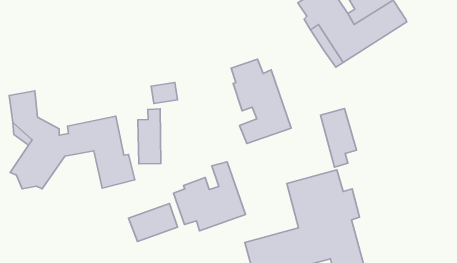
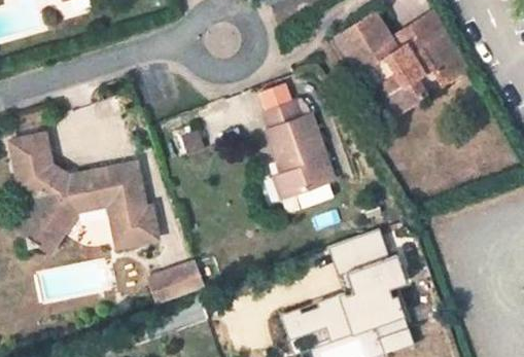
building: [321,108,357,167] -> none
building: [138,109,161,164] -> none
building: [174,162,246,231] -> none

